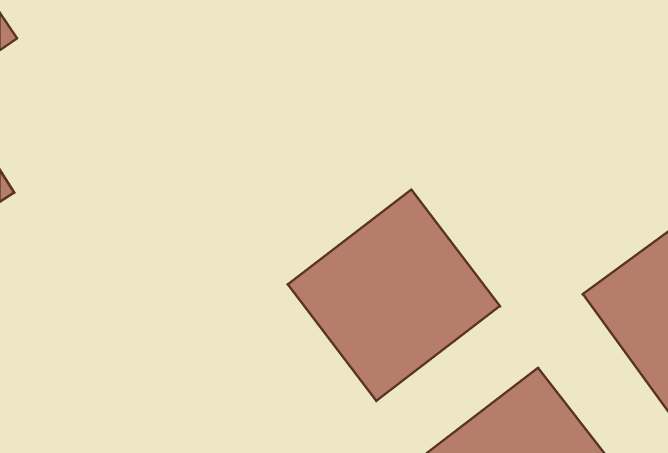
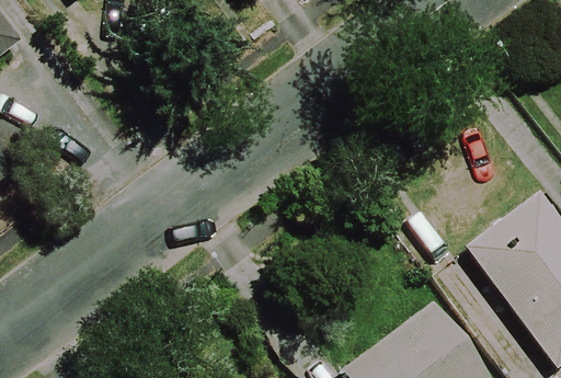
building: [288,190,500,401] -> none

